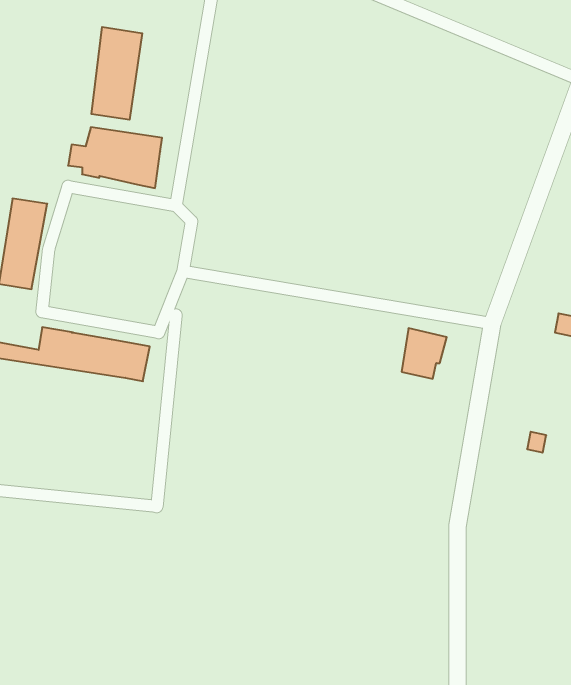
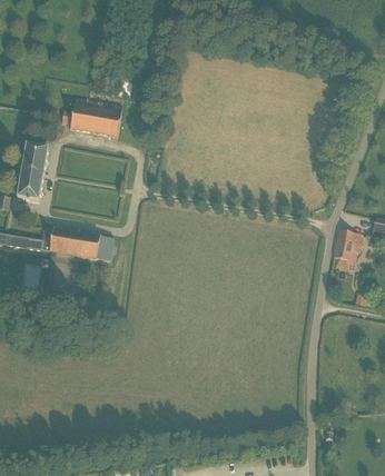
building: [91,27,142,120] -> none
building: [402,328,447,379] -> [334,230,363,262]

